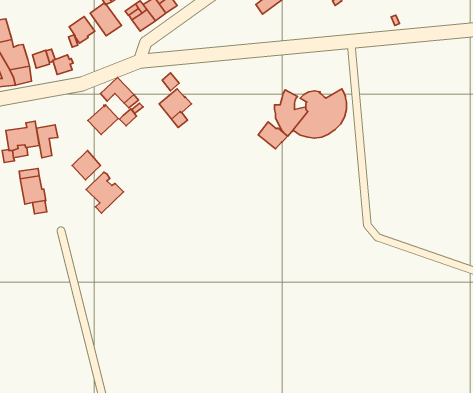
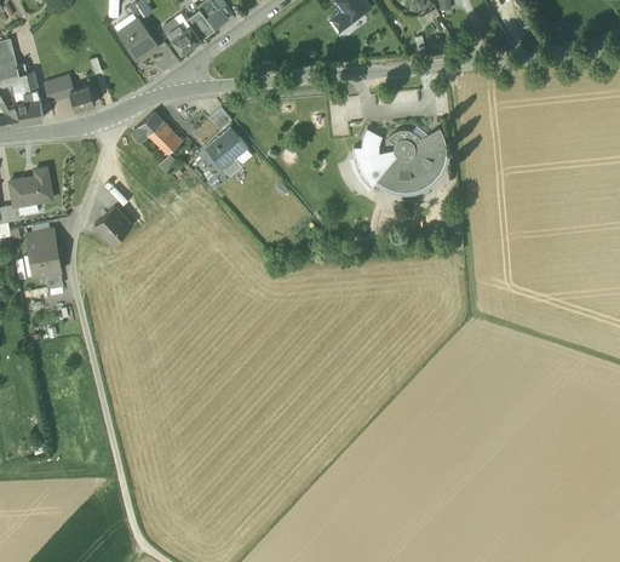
building: [69,16,95,43] -> none
building: [88,105,118,134] -> none
building: [258,122,287,149] -> none
building: [36,125,58,158] -> none
building: [86,172,123,213] -> none

